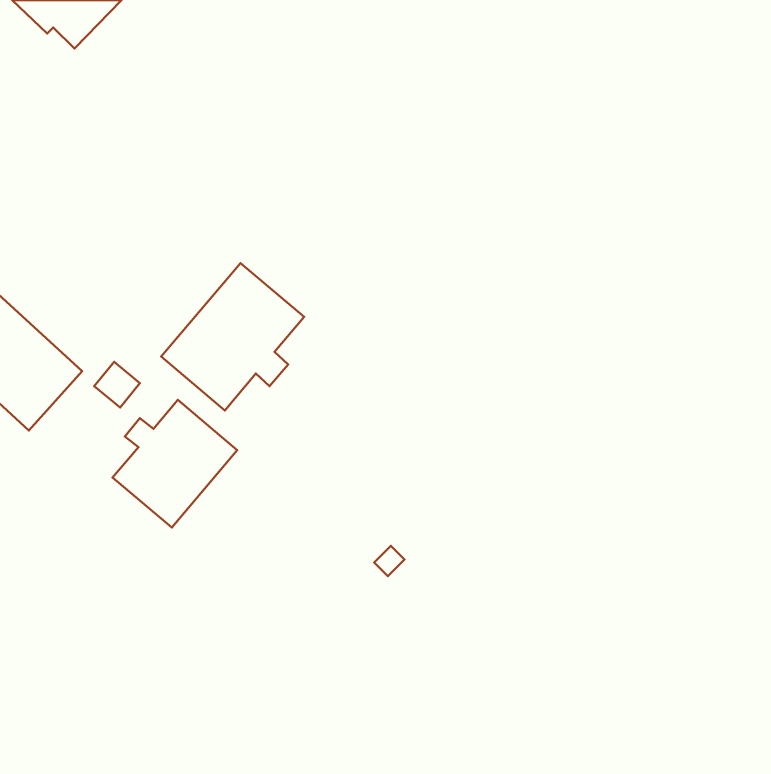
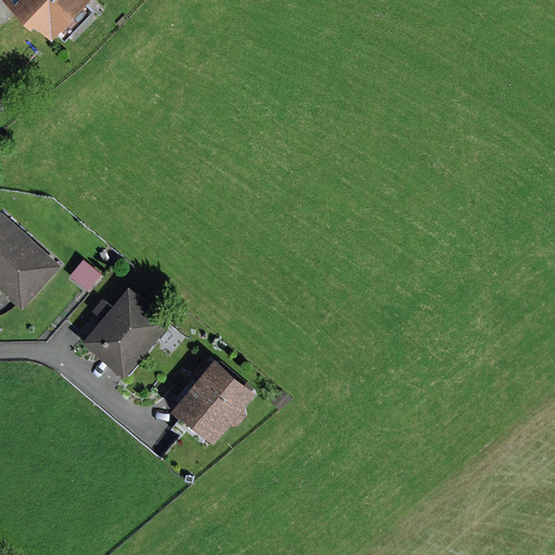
building: [161,263,304,410] -> none
building: none -> [172,359,256,443]

